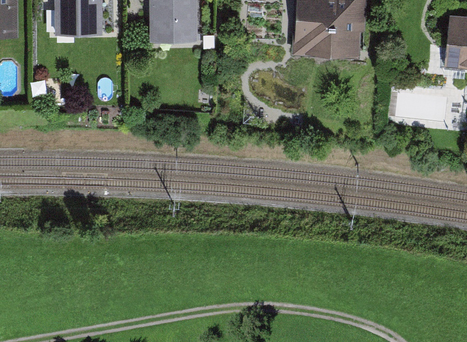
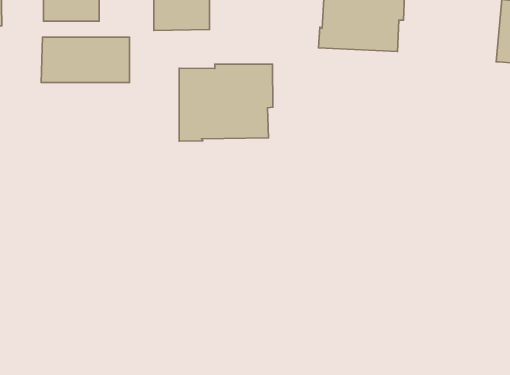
building: none -> [41,37,130,82]
building: none -> [179,64,273,141]

